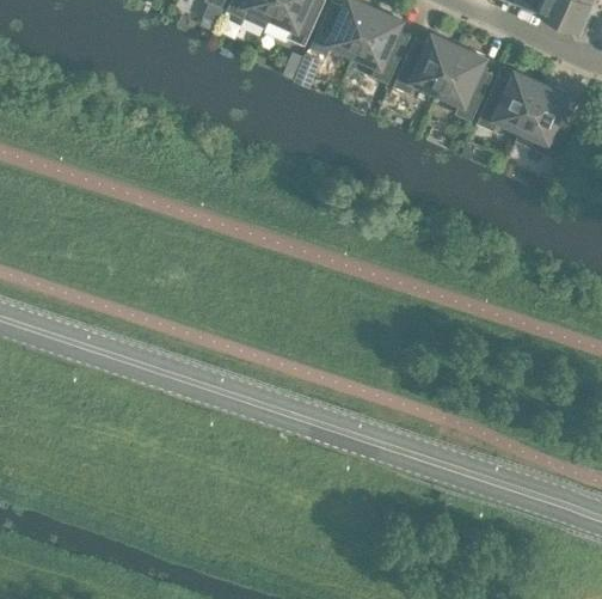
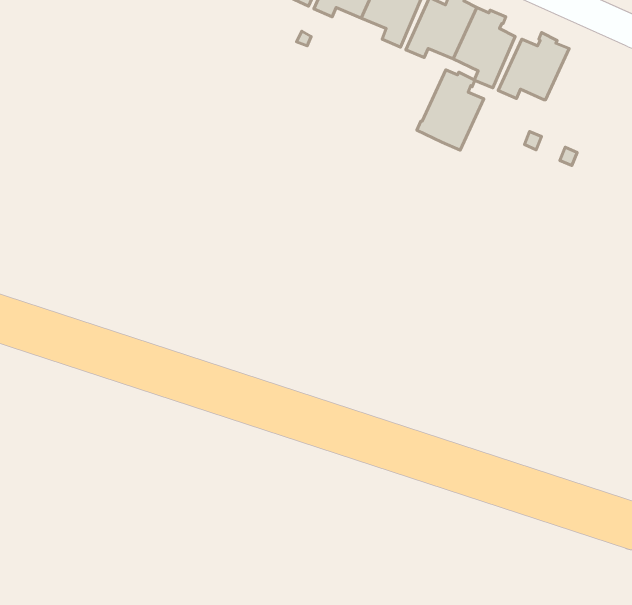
building: [514,82,575,155] -> [417,70,484,150]

